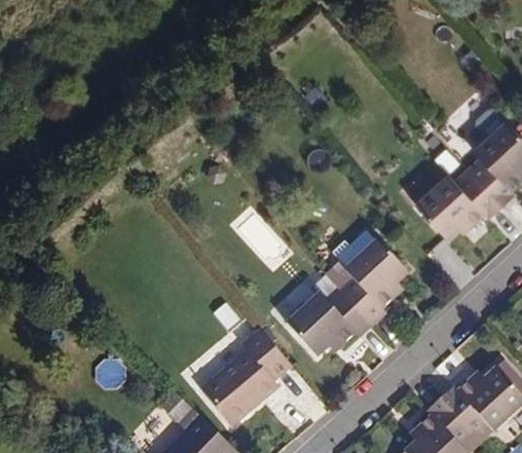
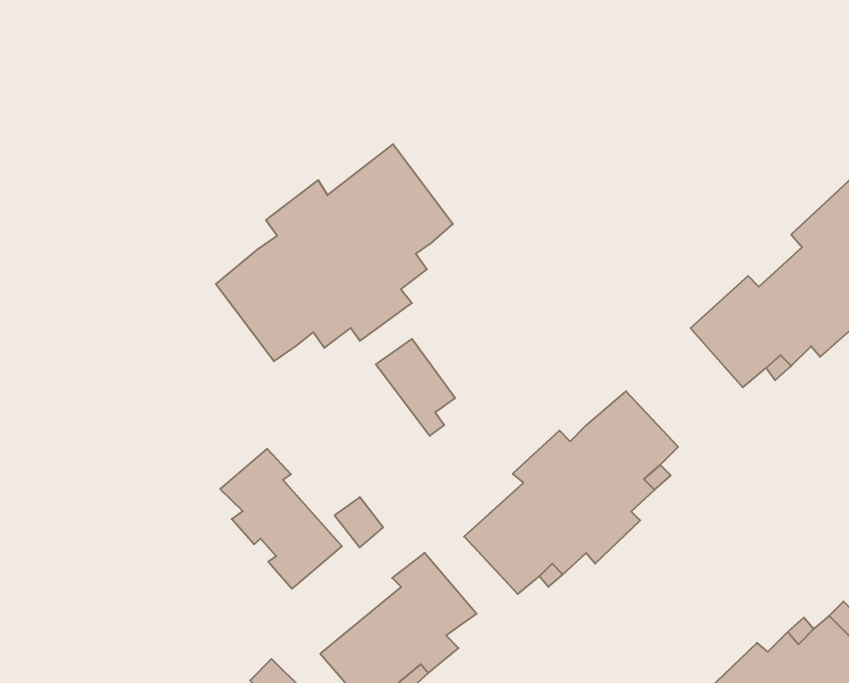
building: none -> [216,144,453,361]
building: none -> [220,449,342,589]

